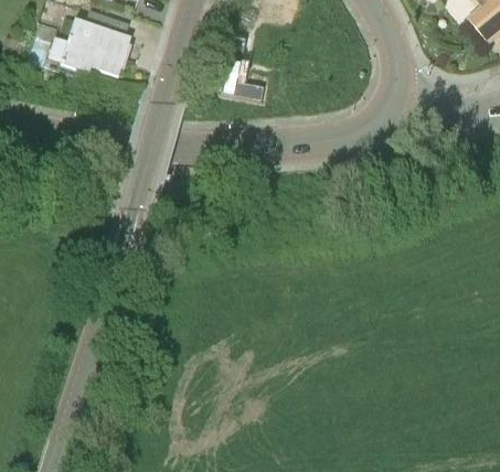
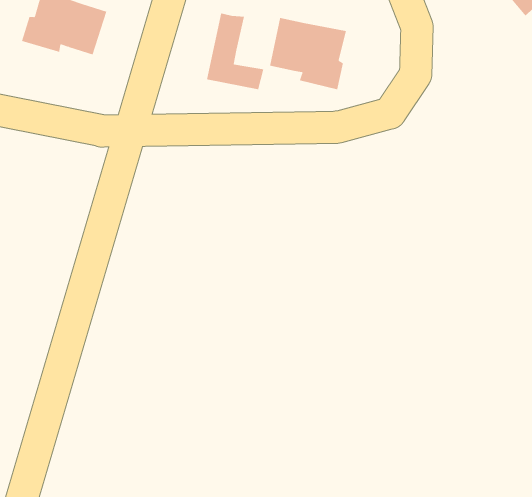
building: none -> [270,17,347,90]

